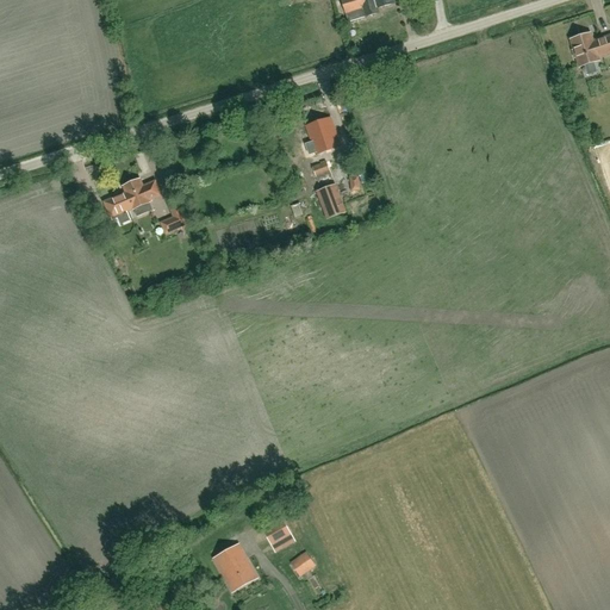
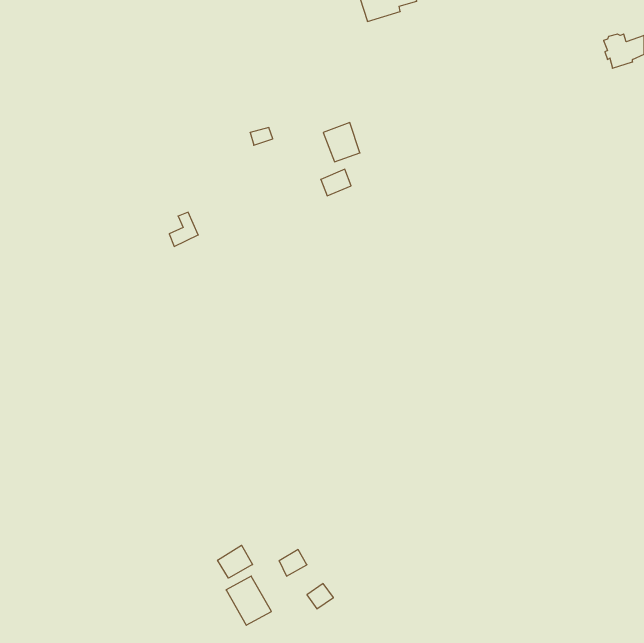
building: [102,178,160,219] -> none
building: [319,181,348,217] -> none
building: none -> [218,545,253,578]

